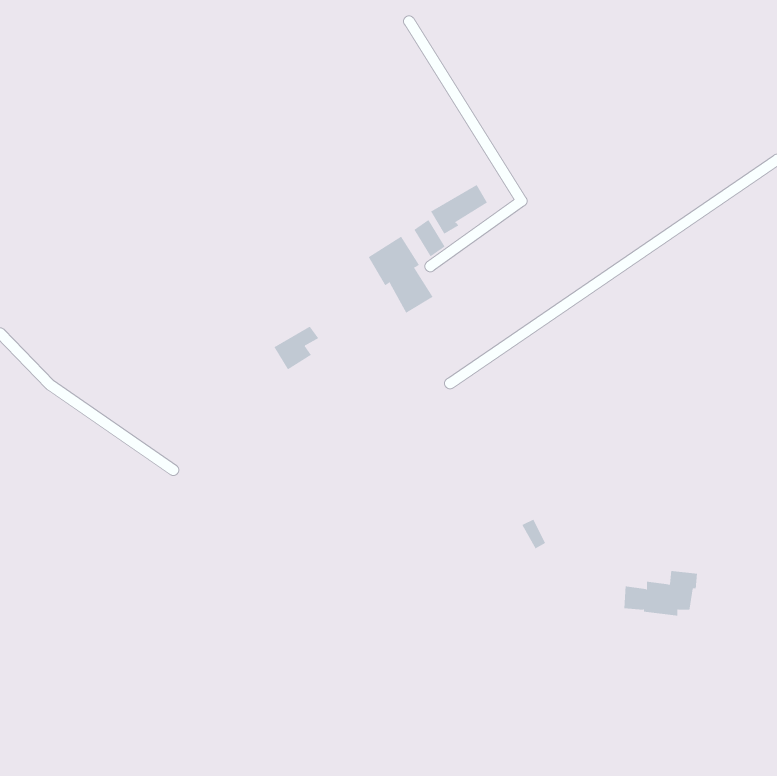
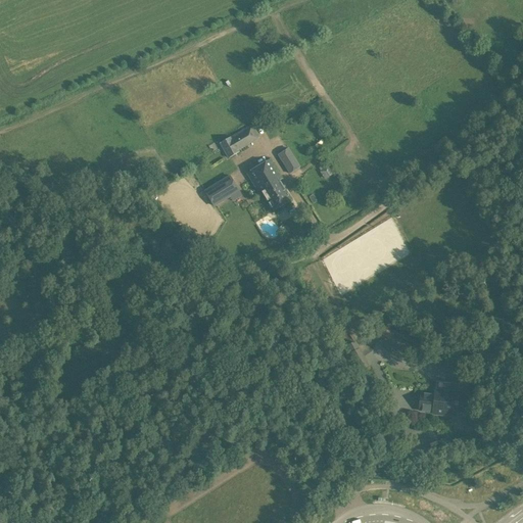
building: [430,184,488,234] -> [220,124,258,157]
building: [274,326,319,370] -> [204,176,235,205]

